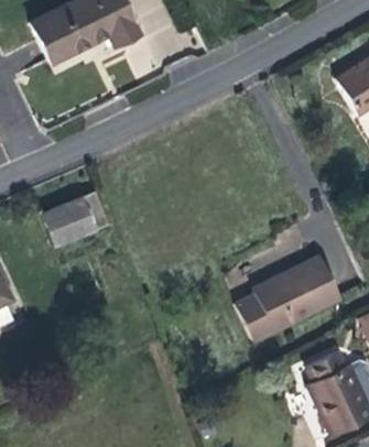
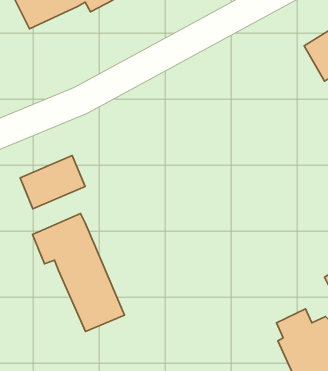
building: none -> [32,213,125,331]
building: [235,258,341,344] -> none

